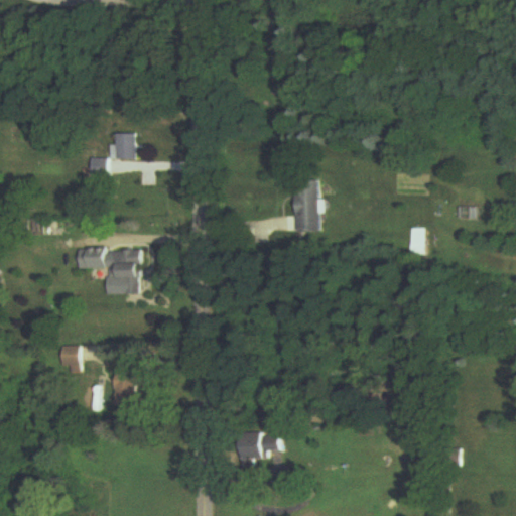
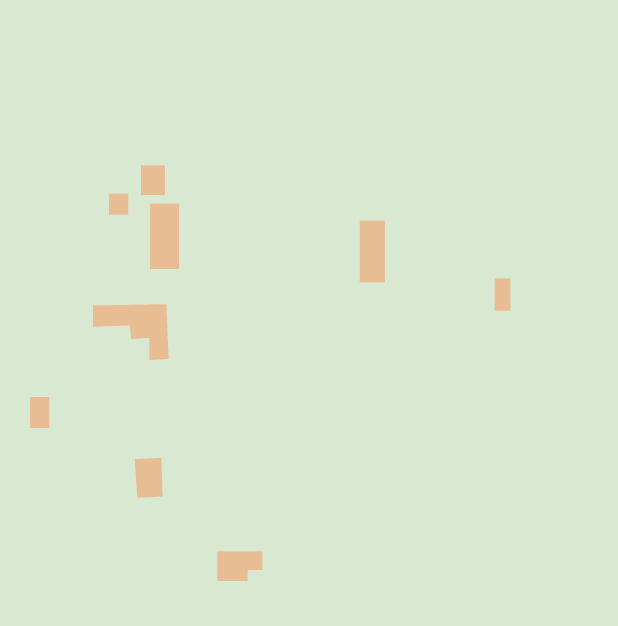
building: none -> [150,203,180,270]
building: [58,346,76,372] -> [29,396,50,428]
building: [237,434,275,460] -> [217,551,263,582]

